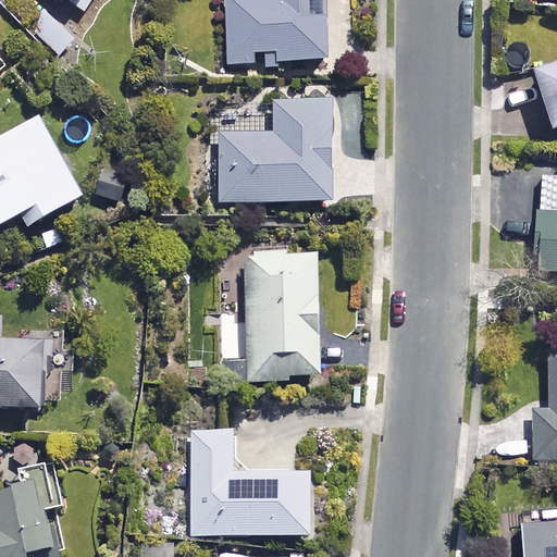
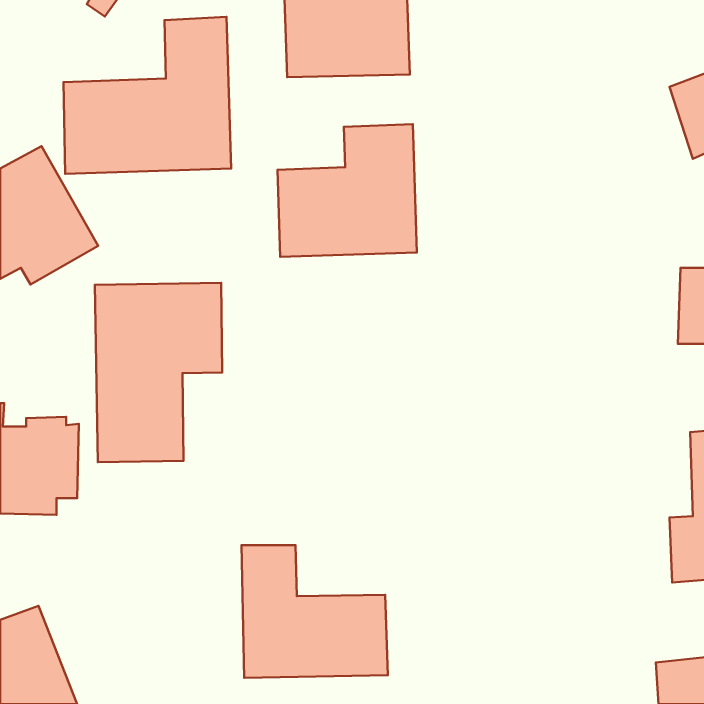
building: none -> [64,17,231,174]
building: none -> [95,283,222,462]
building: [245,250,315,380] -> none

